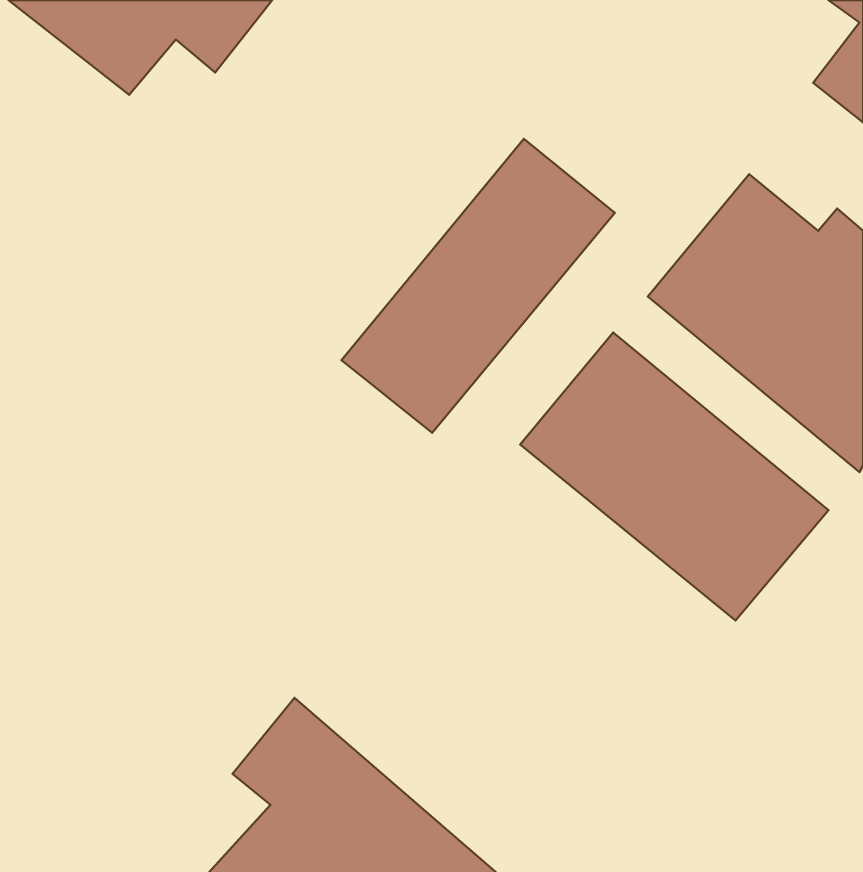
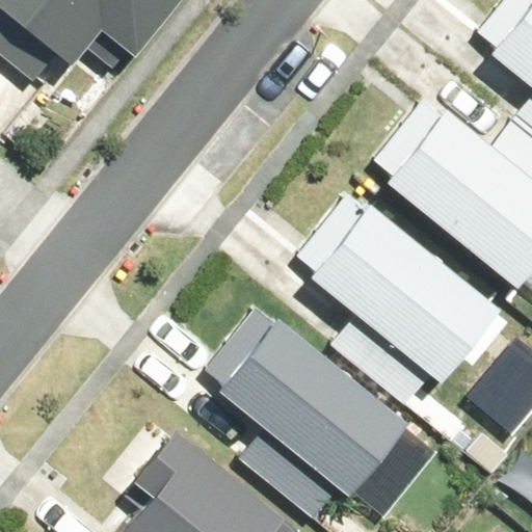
building: [341,139,615,433] -> none
building: none -> [202,303,408,495]

